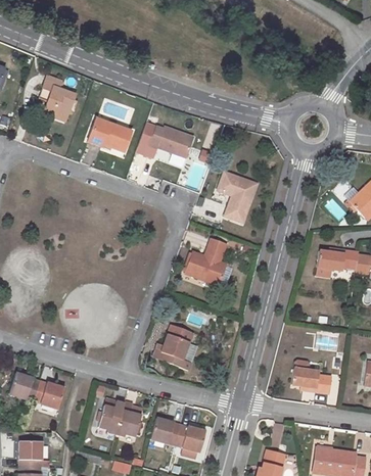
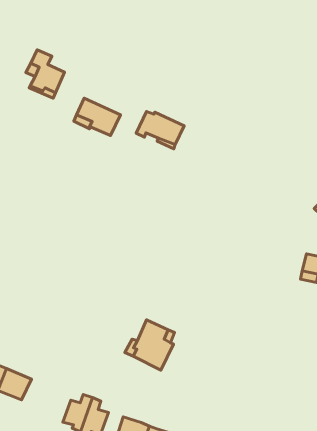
building: [218,171,257,222] -> none
building: [184,237,226,285] -> none
building: [290,361,331,393] -> none

